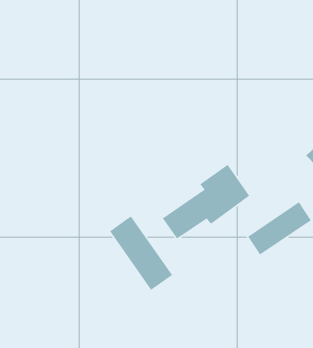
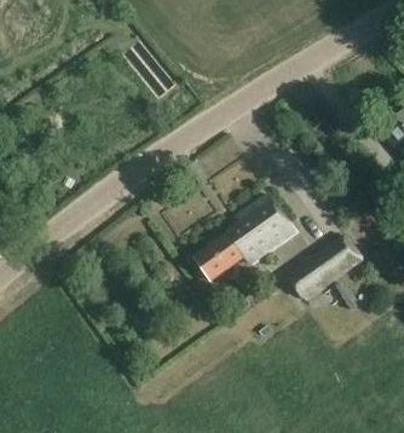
building: [109,215,173,291] -> none

